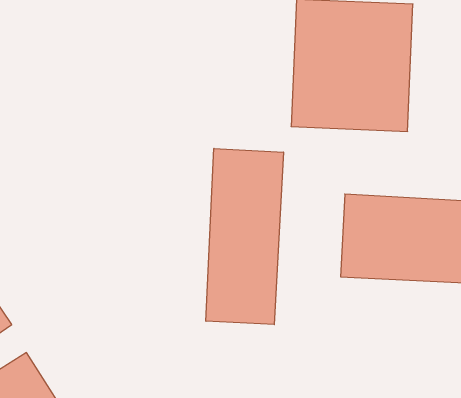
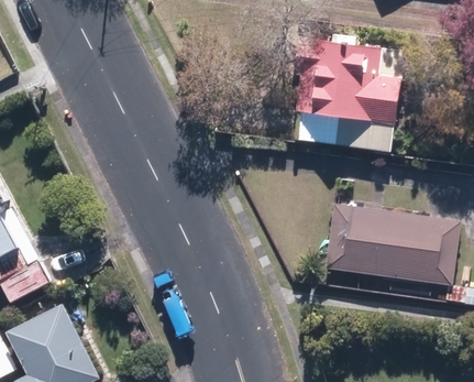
building: [206,148,283,325] -> none

